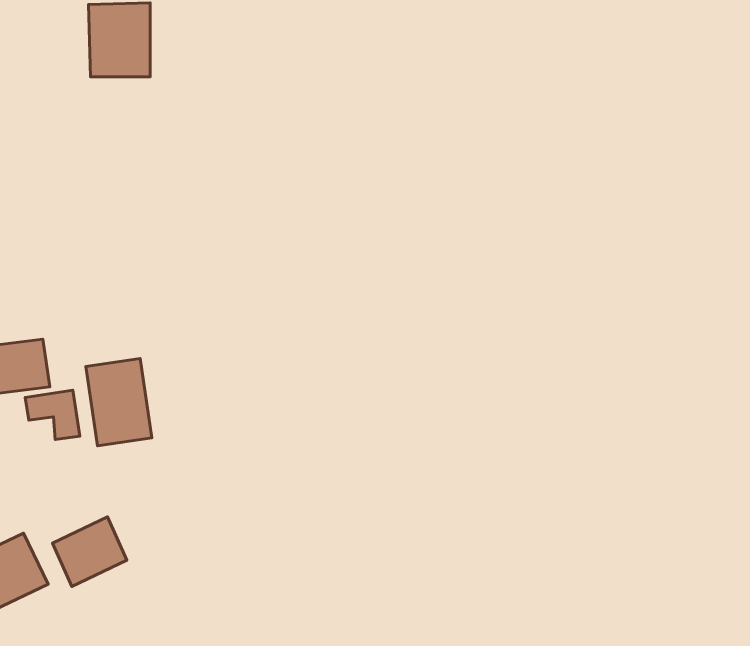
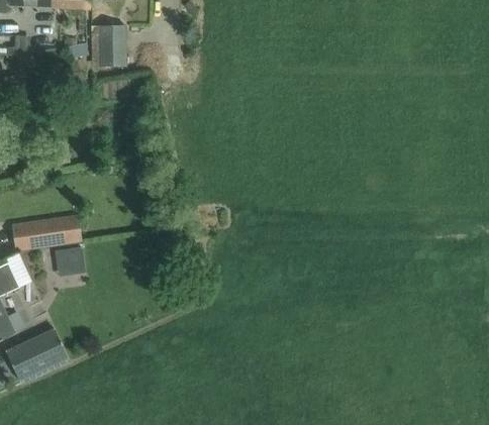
building: [86,359,152,446] -> none
building: [52,517,127,587] -> none

